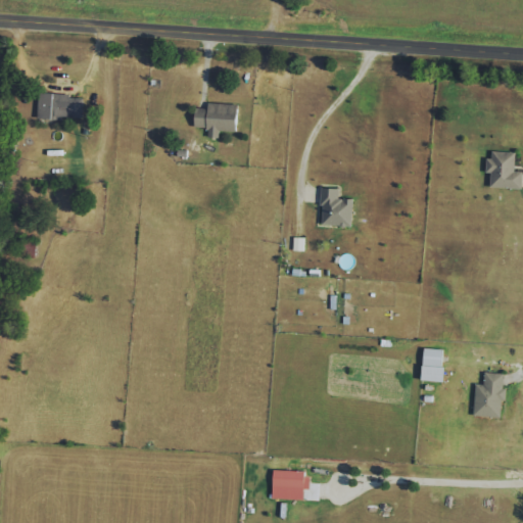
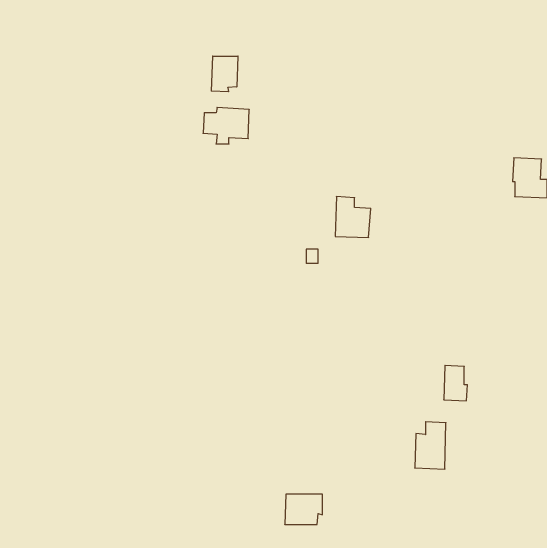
building: none -> [211,56,238,92]
building: [36,93,82,118] -> none
building: [473,372,503,417] -> [415,422,446,469]

